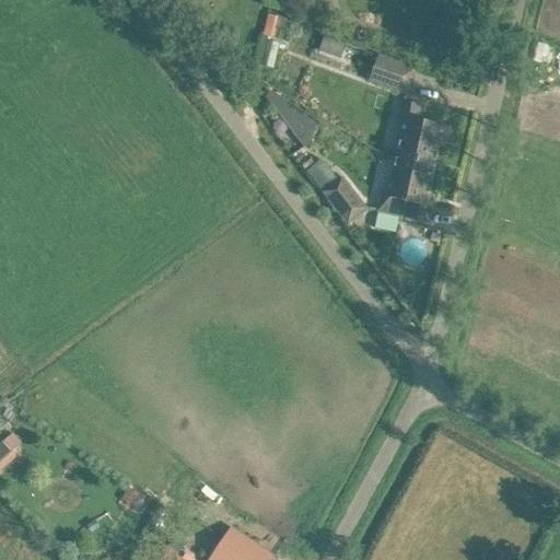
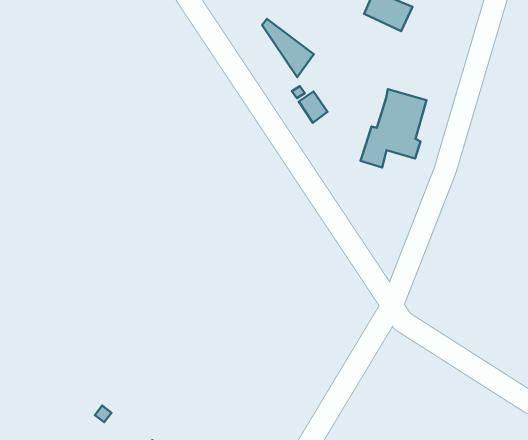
building: [395,100,446,161] -> none
building: [322,175,364,221] -> none

